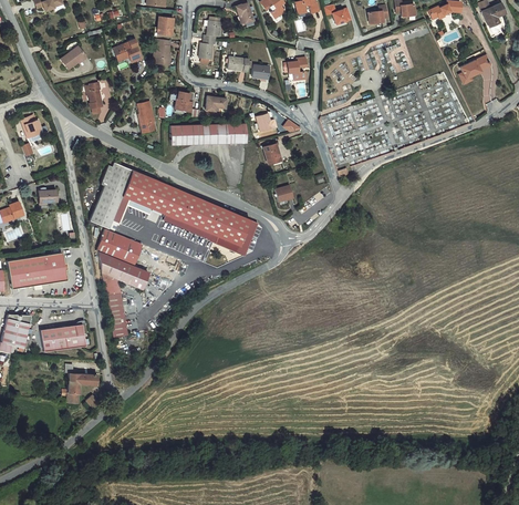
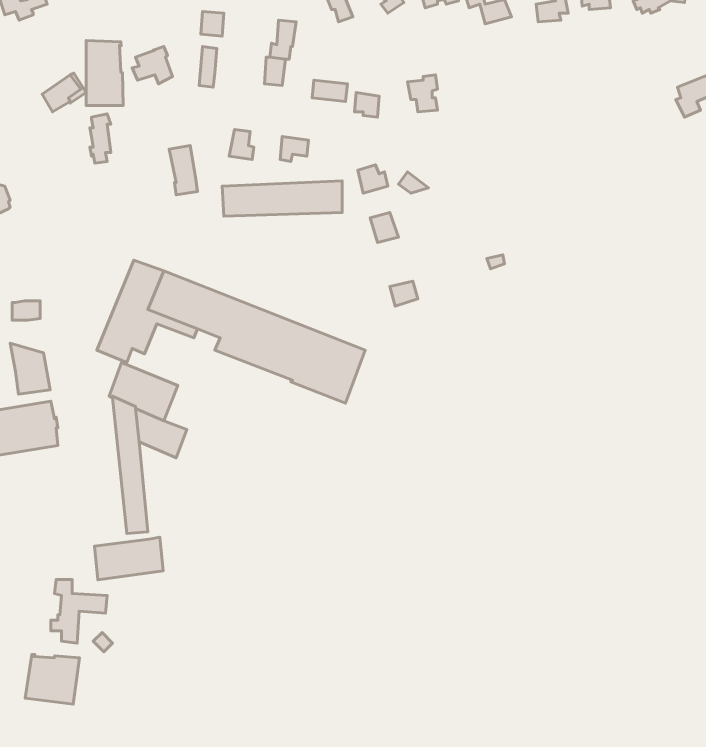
building: none -> [86,40,123,106]
building: none -> [10,343,50,394]
building: [41,330,84,357] -> [94,537,163,580]
building: none -> [25,655,79,704]

